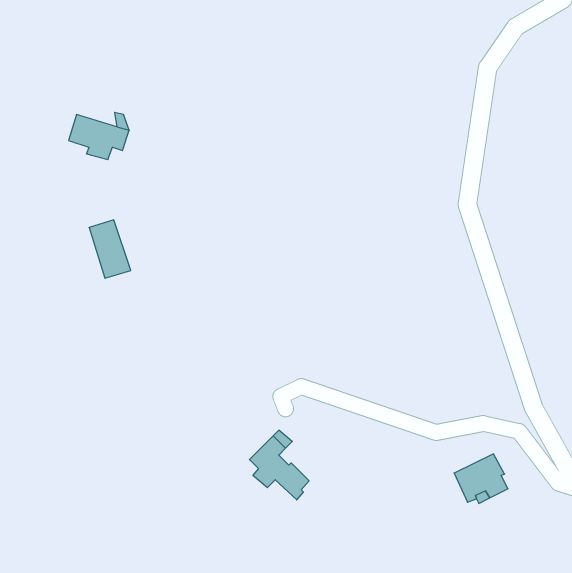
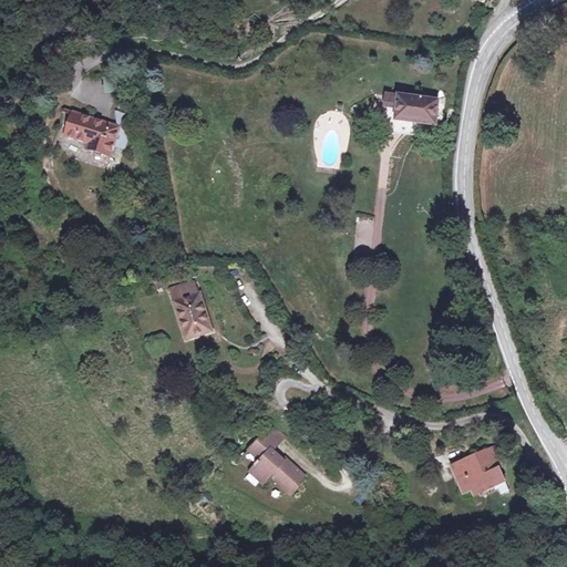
building: none -> [382,94,437,125]
building: [89,220,131,278] -> [171,277,212,334]

